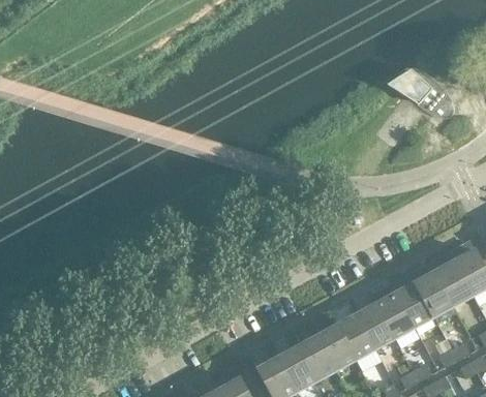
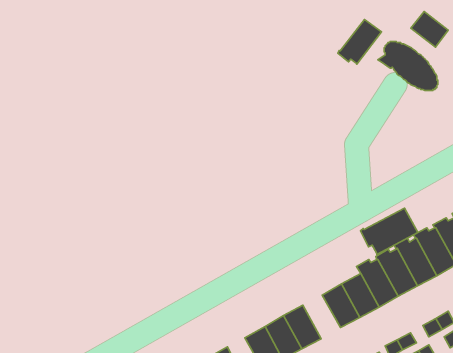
building: none -> [411,11,448,47]
building: none -> [338,19,381,64]
building: none -> [360,208,418,255]
building: [316,327,355,371] -> none

